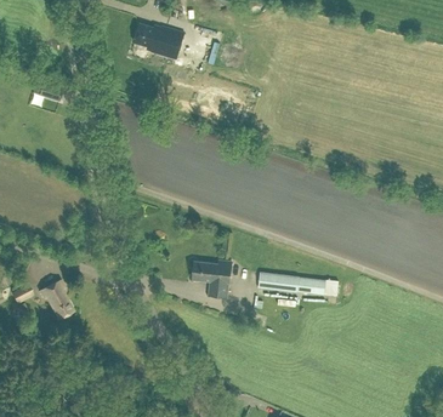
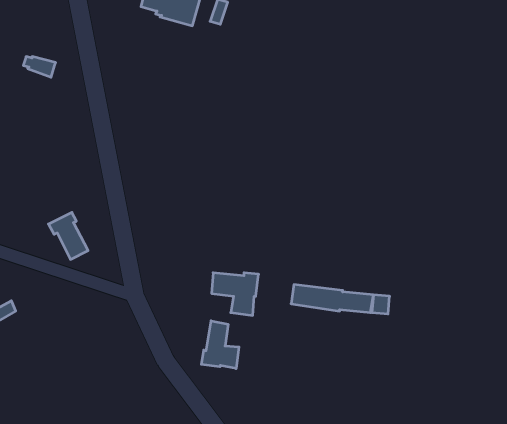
building: [39,280,72,319] -> [48,212,88,259]
building: none -> [201,321,239,369]

